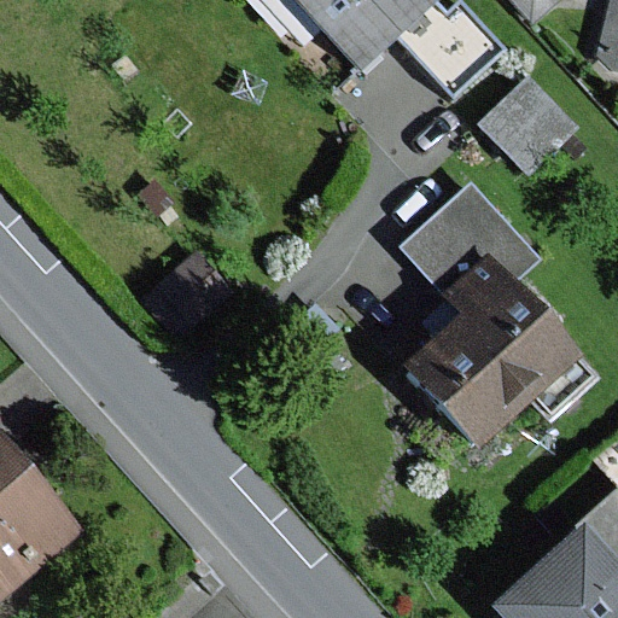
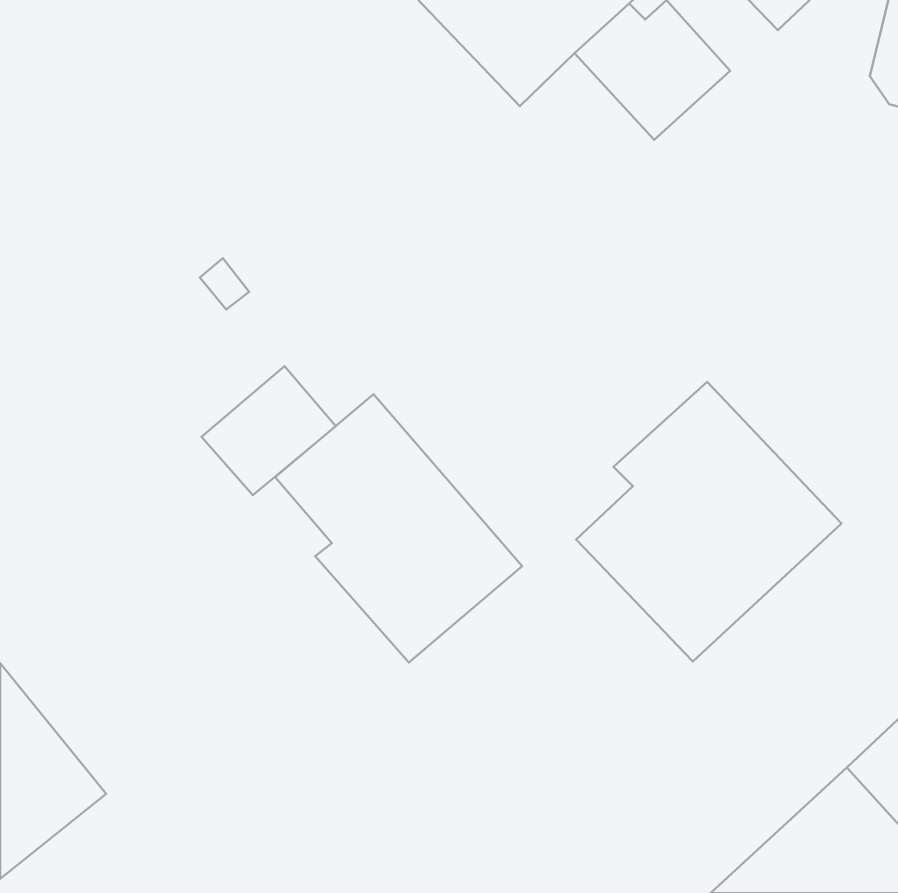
building: [478,75,577,174] -> none
building: [401,181,518,296] -> none
building: none -> [275,394,522,663]

